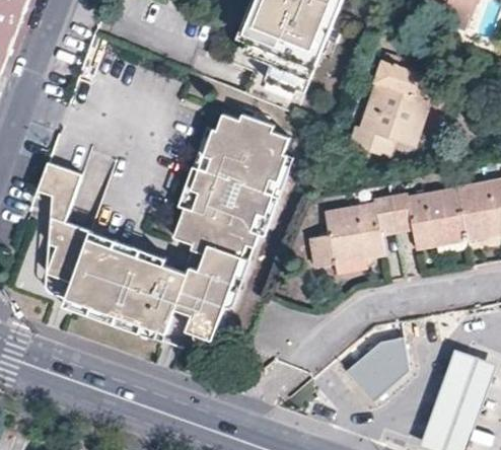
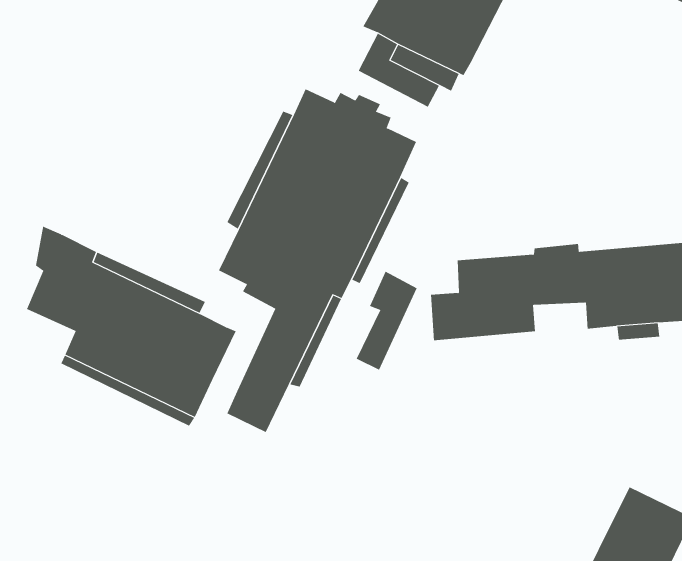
building: [349,51,446,155] -> none
building: [35,163,79,222] -> none
building: [172,247,208,313] -> [356,271,417,370]
building: [344,336,408,402] -> none

